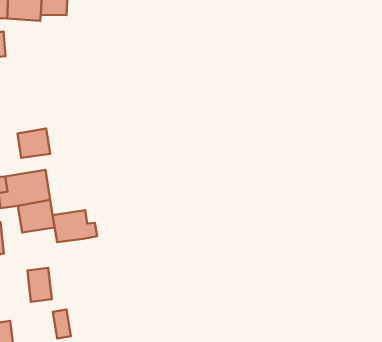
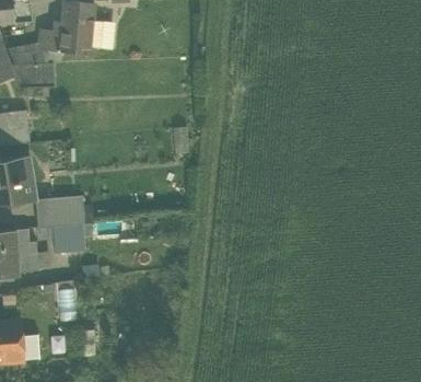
building: [17,129,50,158] -> none
building: [53,210,97,242] -> none

